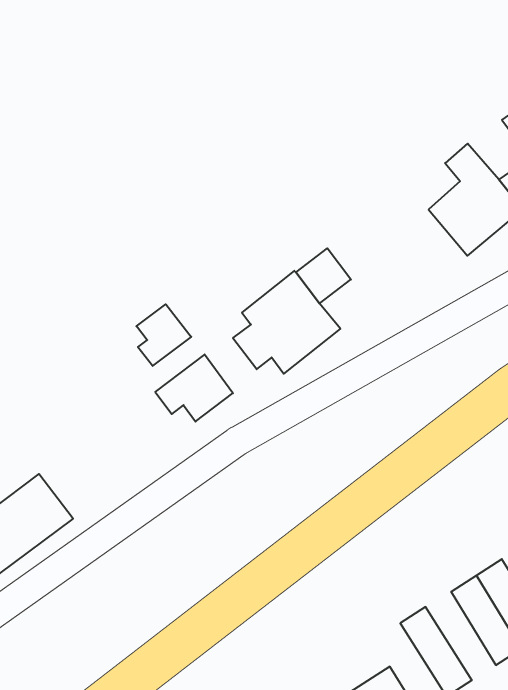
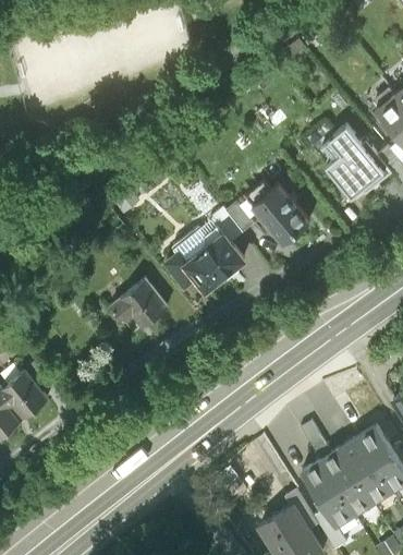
building: none -> [260,185,318,244]
building: [136,304,191,366] -> none
building: none -> [316,451,367,516]

